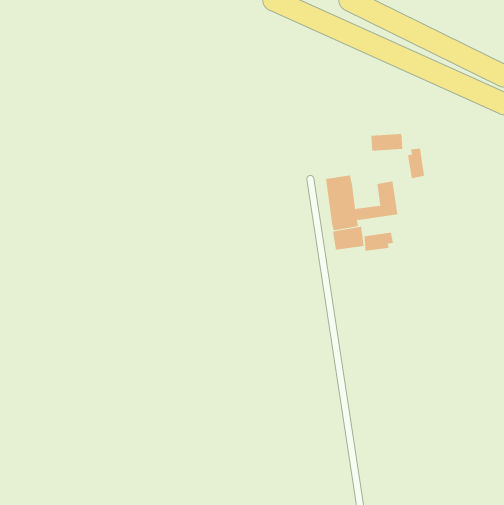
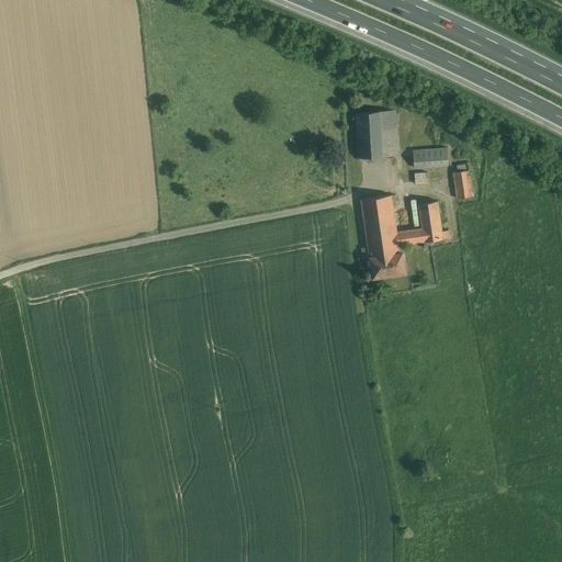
building: none -> [355,111,396,158]
building: [364,232,394,252] -> none

